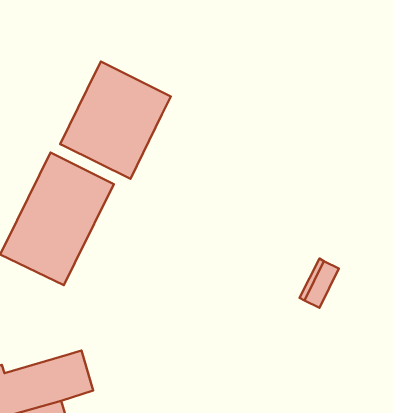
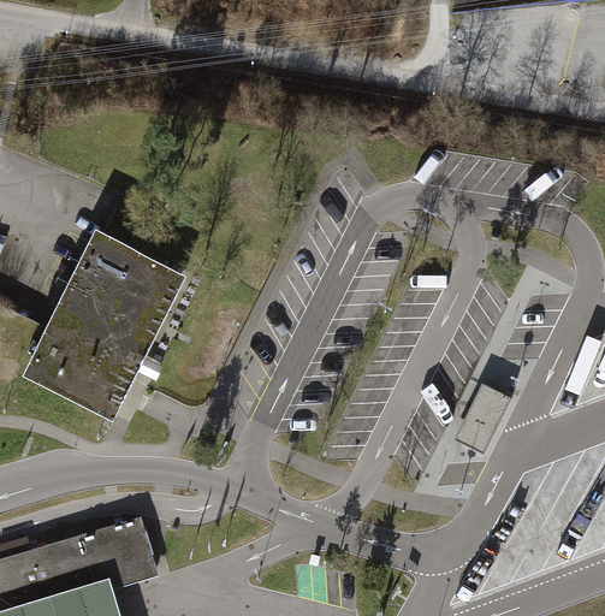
building: [60,62,171,179] -> none

